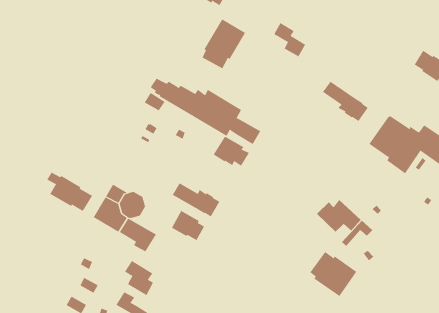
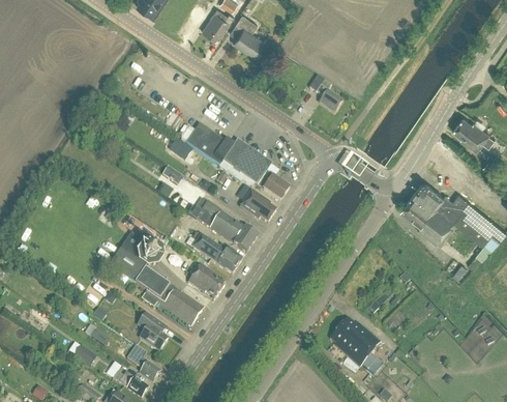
building: [202,18,246,69] -> none
building: [322,81,369,122] -> none
building: none -> [188,201,258,253]
building: [47,172,93,212] -> none
building: [316,199,362,232] -> none
building: none -> [161,288,205,326]

